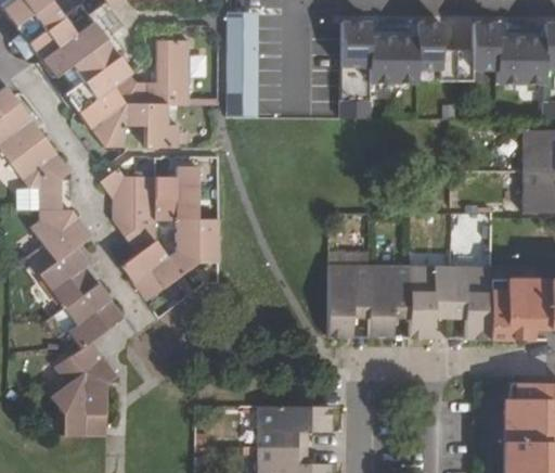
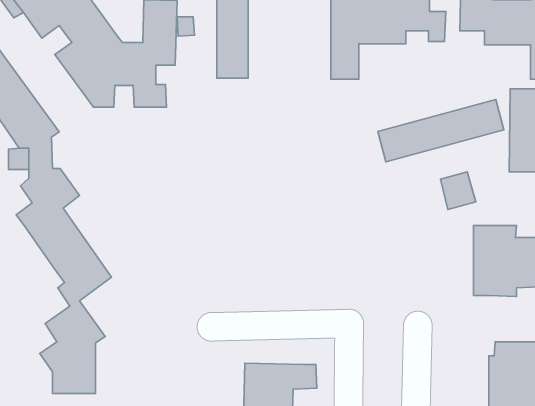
building: none -> [378,100,504,162]
building: [100,166,219,299] -> none
building: [325,263,488,336] -> none

